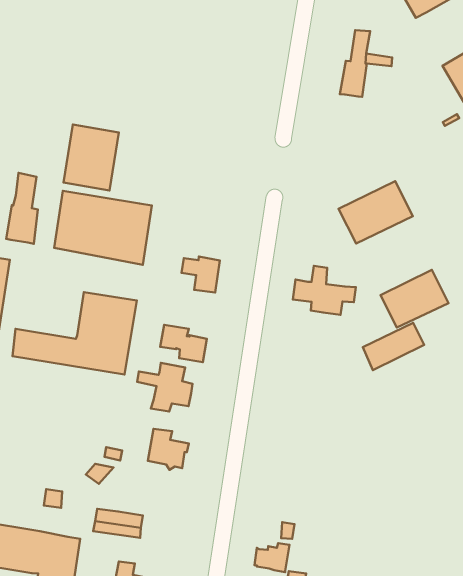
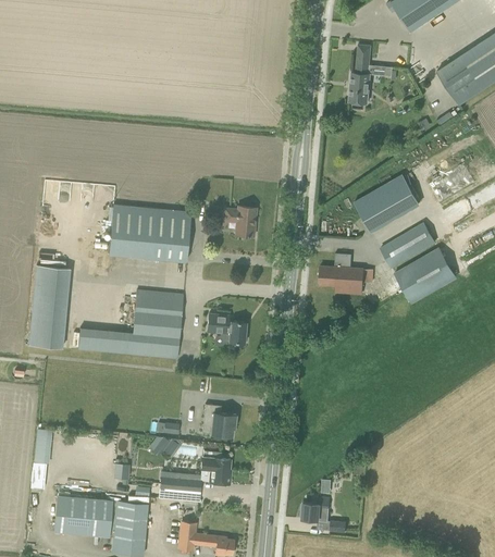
building: [64,124,119,191] -> none
building: [6,173,38,244] -> none
building: [181,257,220,293] -> [223,206,256,236]
building: [363,323,424,370] -> [381,224,434,268]
building: [137,363,193,412] -> none
building: none -> [201,451,231,484]

